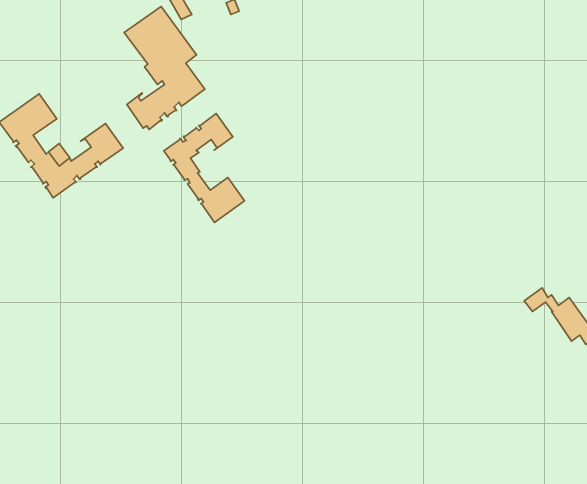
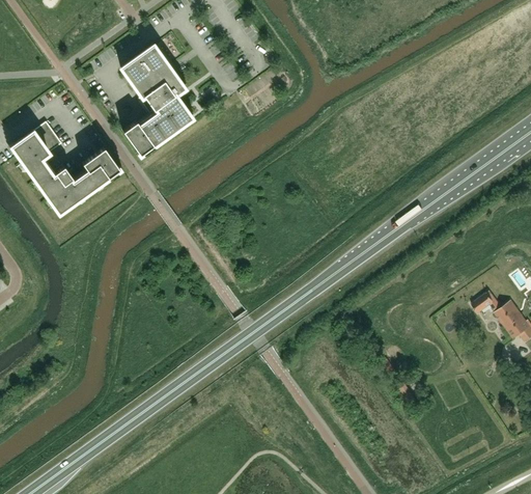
building: [164,114,244,223] -> none

